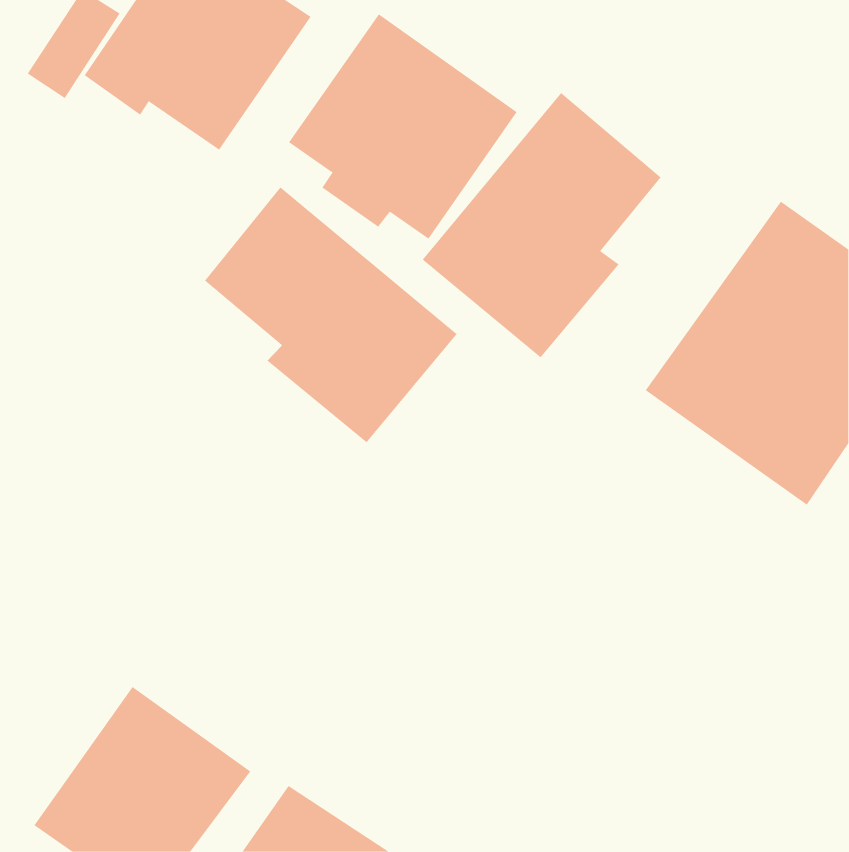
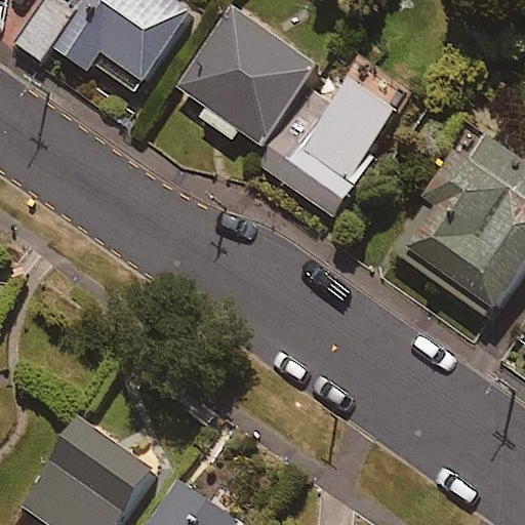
building: [204,187,457,443] -> none

